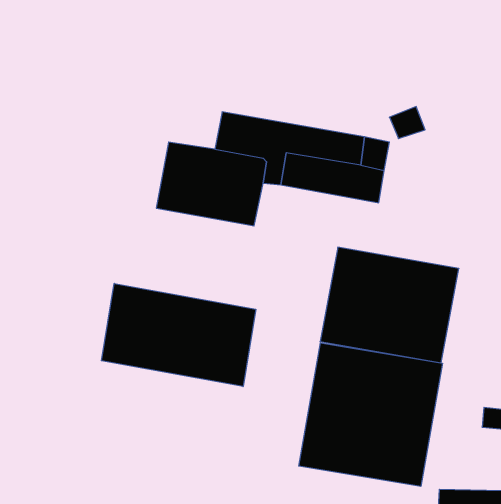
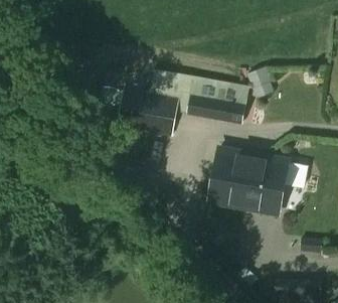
building: [101,283,256,387] -> none
building: [299,343,442,486] -> none

